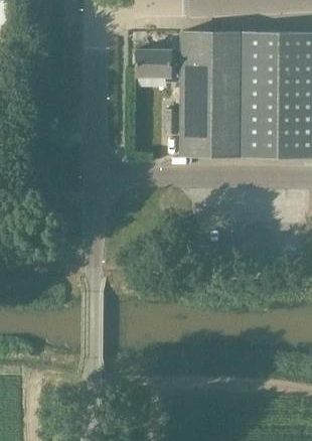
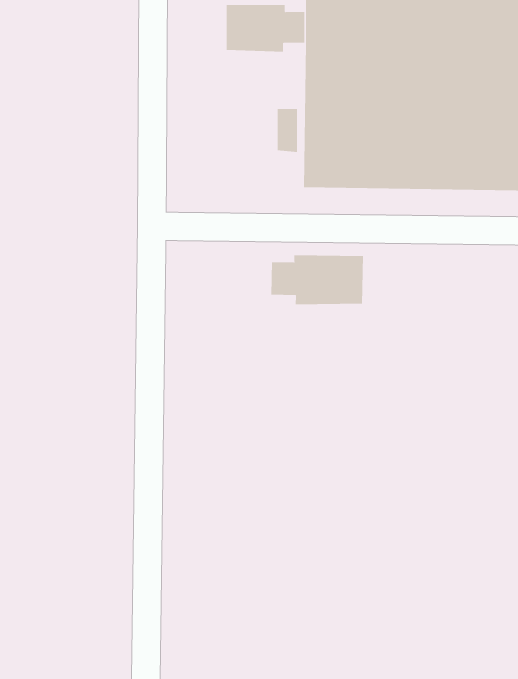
building: none -> [271,254,363,305]

